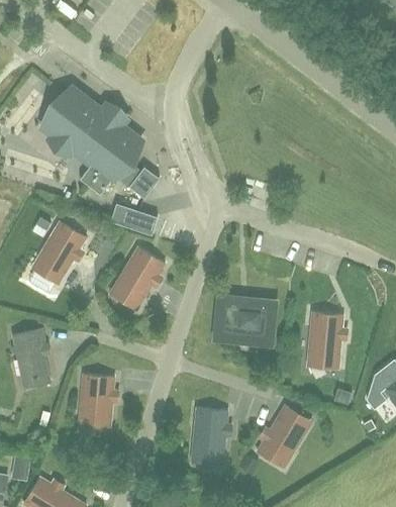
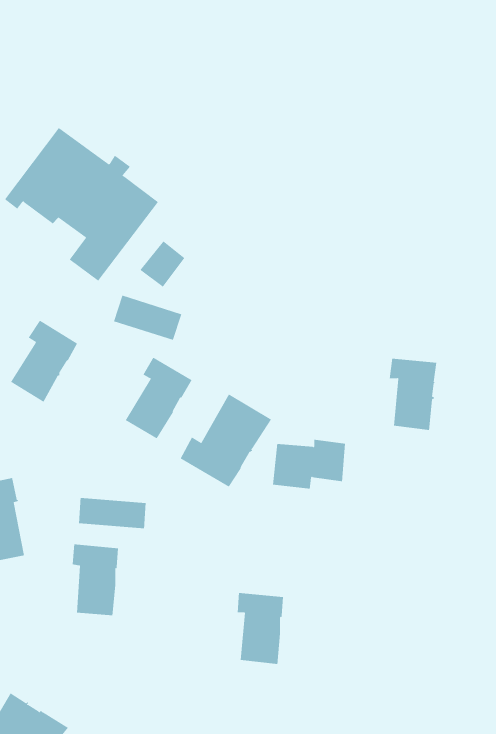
building: none -> [180,394,272,488]
building: [309,312,342,362] -> [389,358,437,430]
building: none -> [78,497,146,529]
building: [256,412,302,468] -> none

